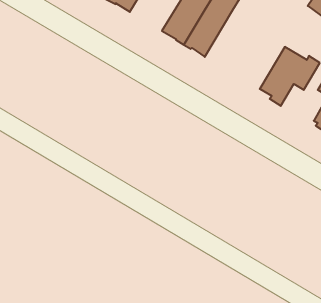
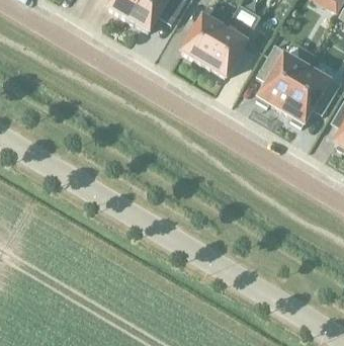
building: none -> [257,44,307,109]

